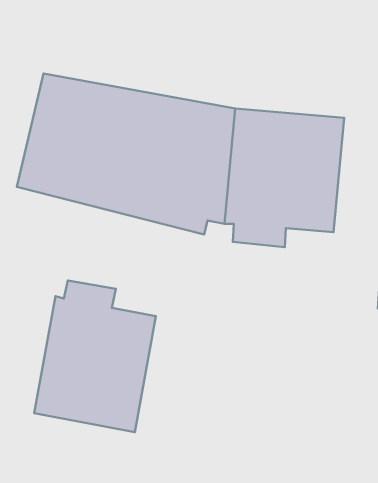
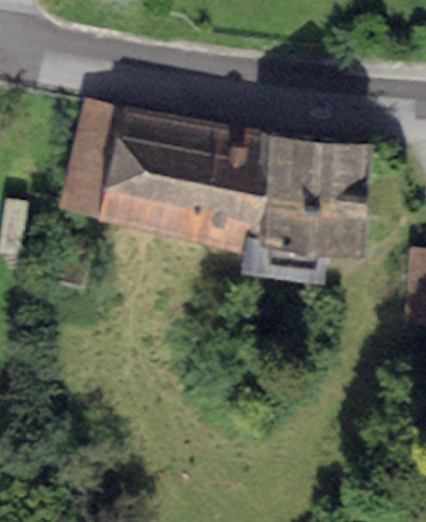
building: [34,281,156,432] -> none

